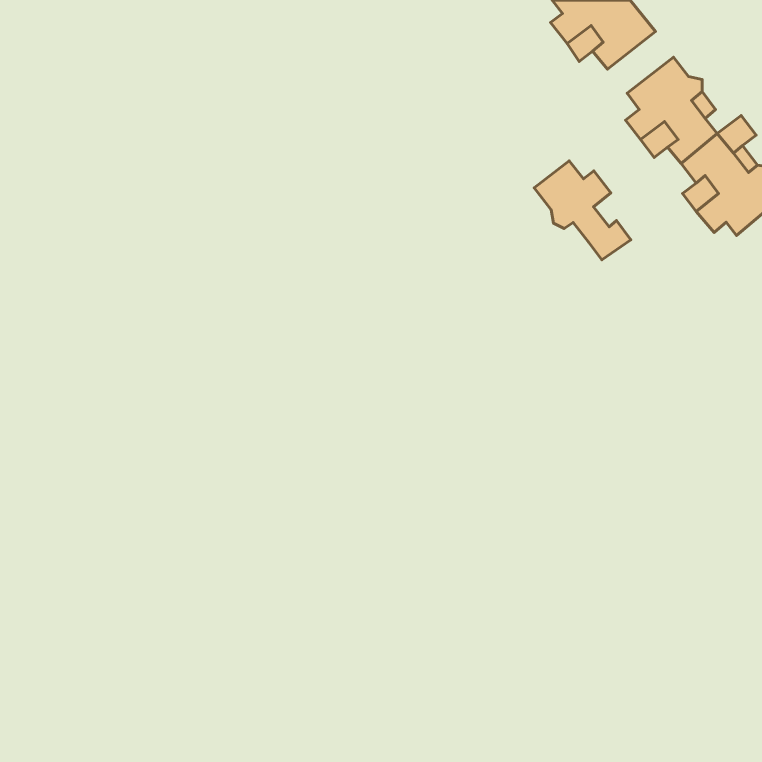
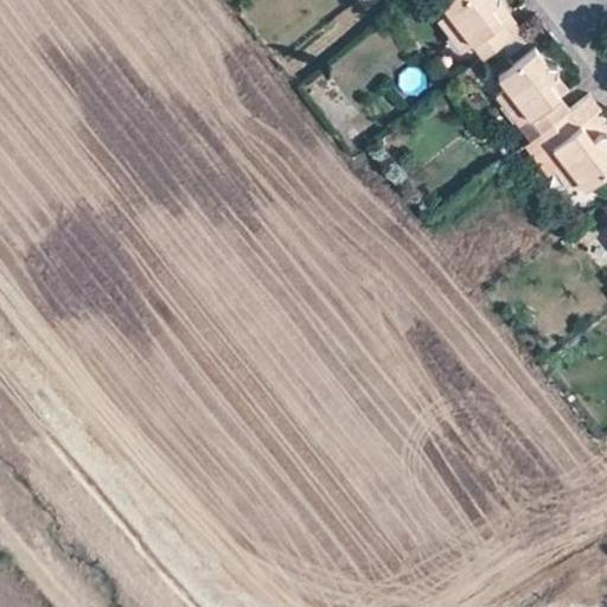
building: [534,161,631,260] -> none

